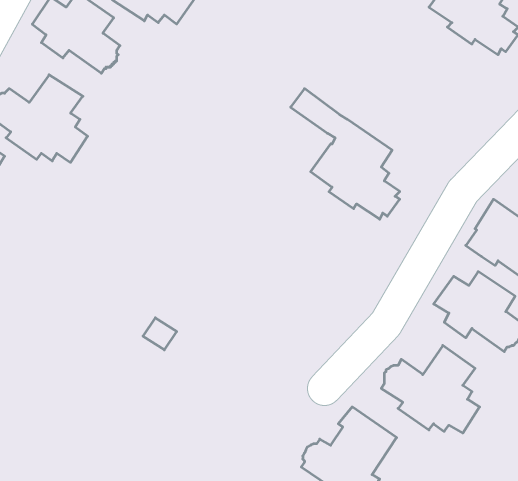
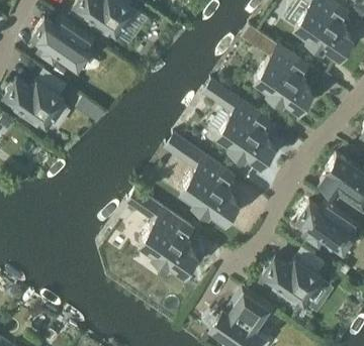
building: none -> [255,44,313,110]
building: none -> [166,133,240,221]
building: none -> [126,188,198,273]

